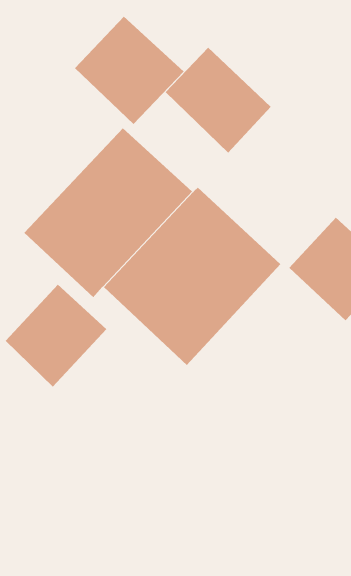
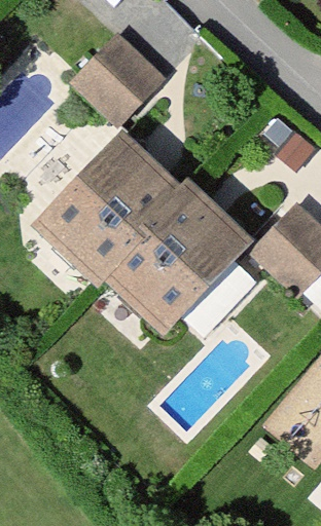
building: [165,47,271,153] -> none
building: [5,284,107,388] -> none

